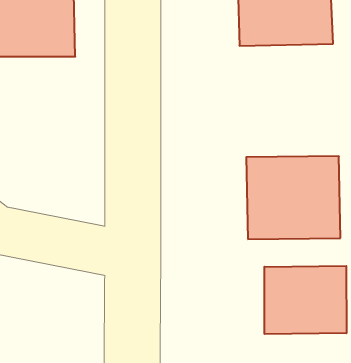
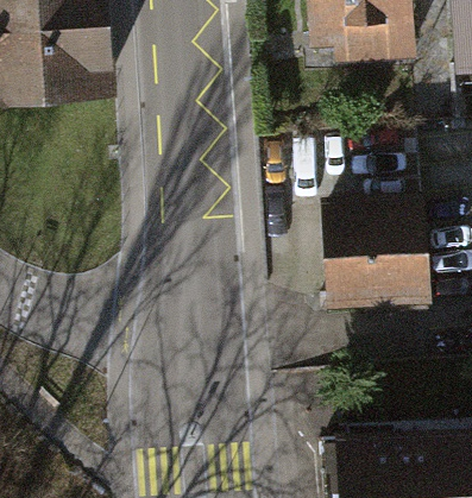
building: [264,266,346,334] -> none

